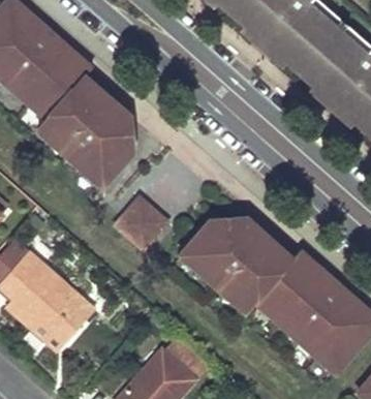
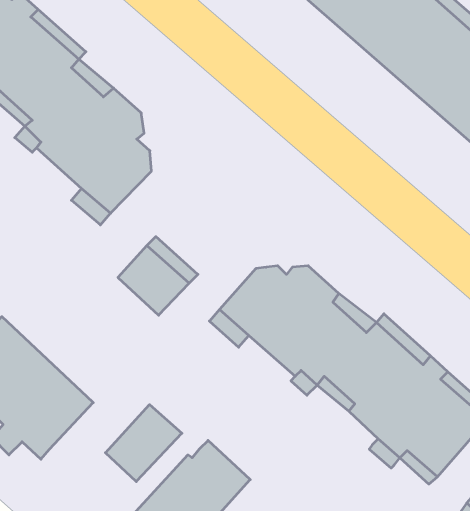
building: none -> [105,405,182,482]

